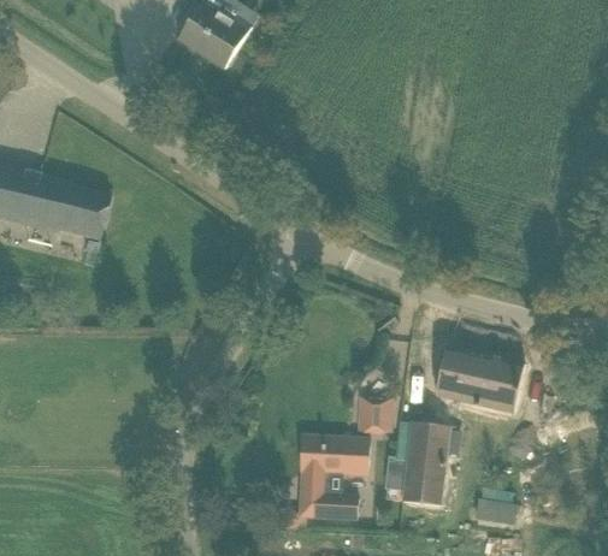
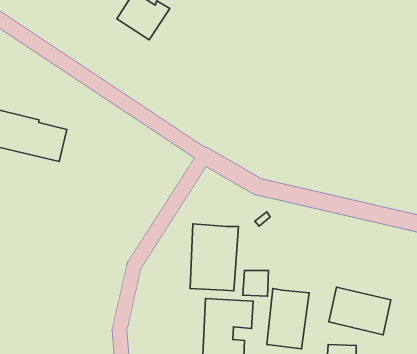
building: none -> [190,224,239,291]
building: [435,345,523,413] -> [329,287,391,335]

